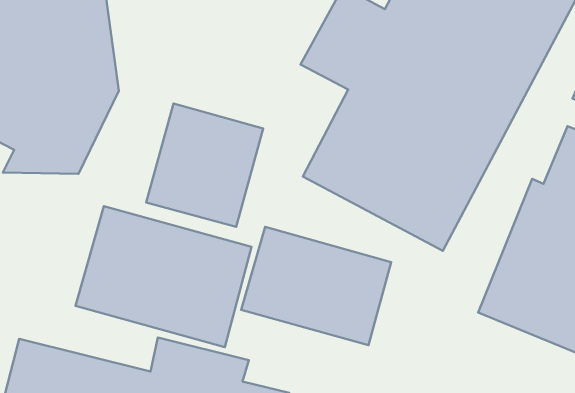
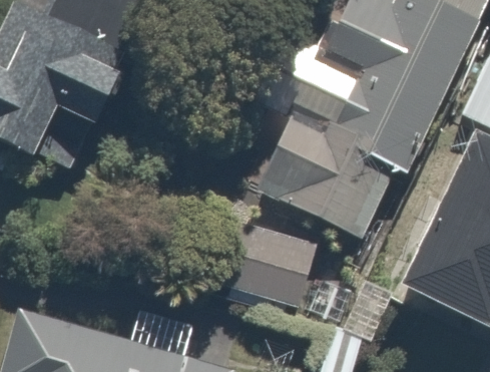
building: [146,103,263,227] -> none
building: [76,206,252,347] -> none

